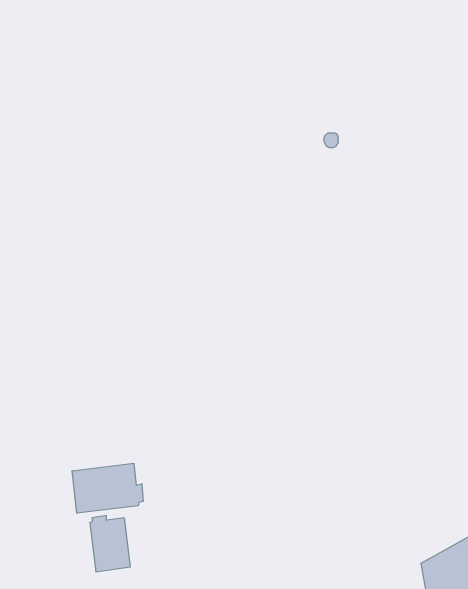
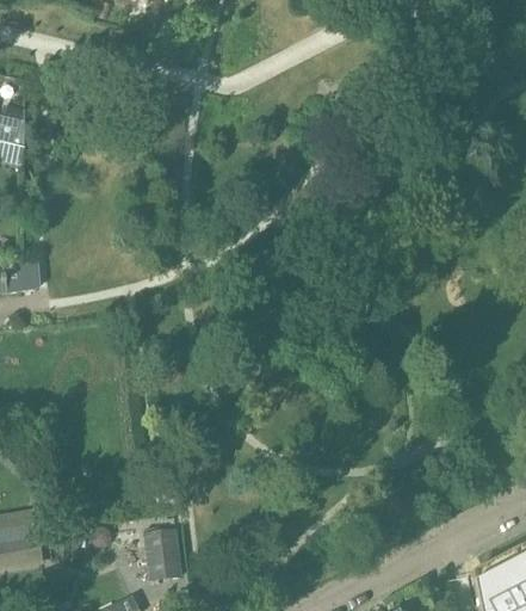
building: [72,463,143,513] -> none

